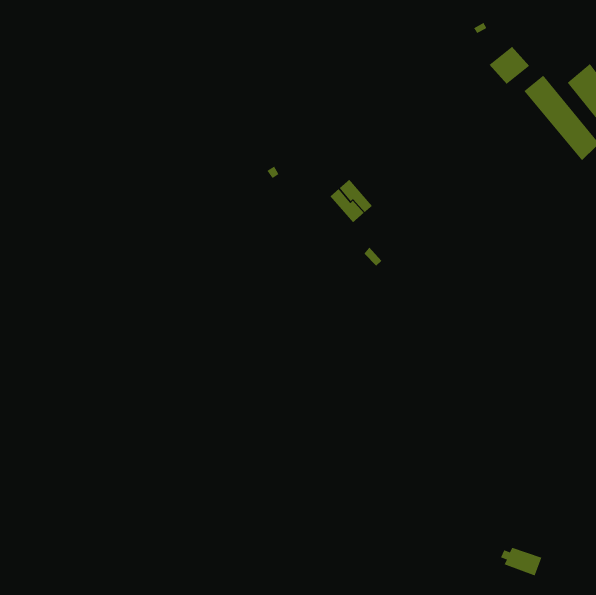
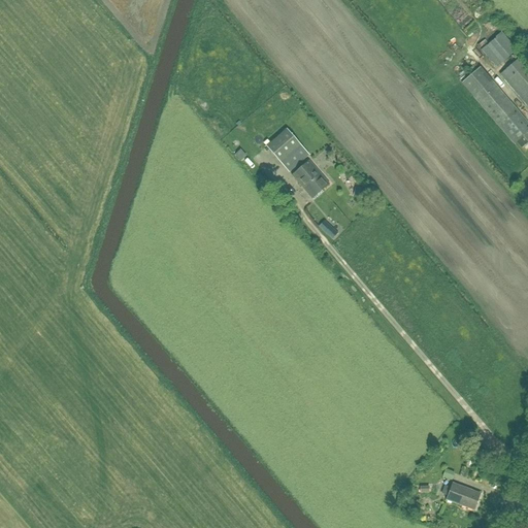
building: [489,46,530,85] -> [482,31,518,65]
building: none -> [266,128,300,161]

